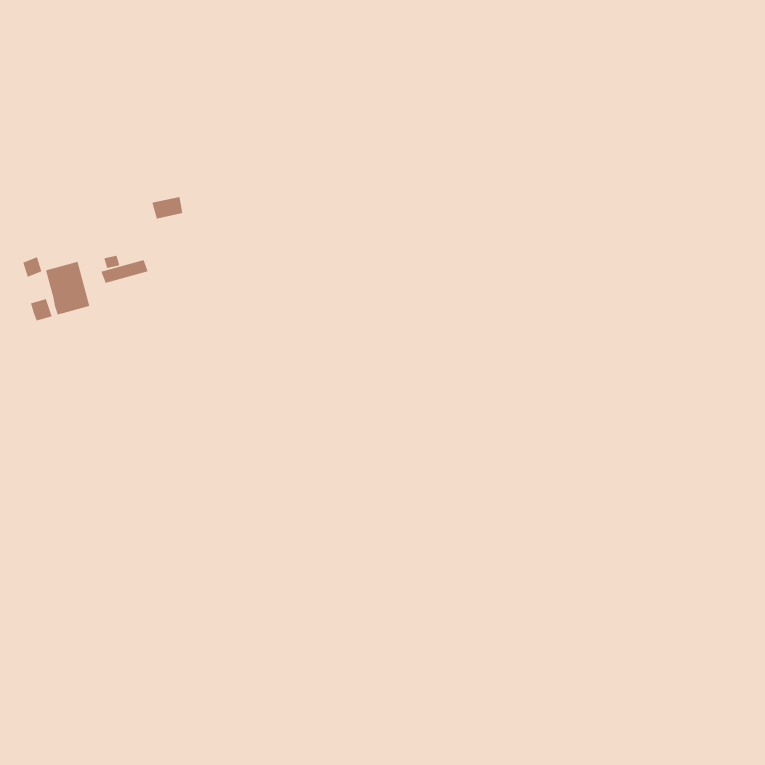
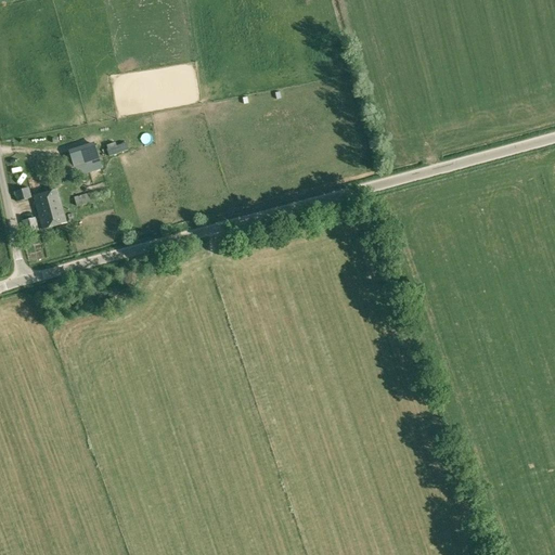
building: none -> [67,141,102,177]

